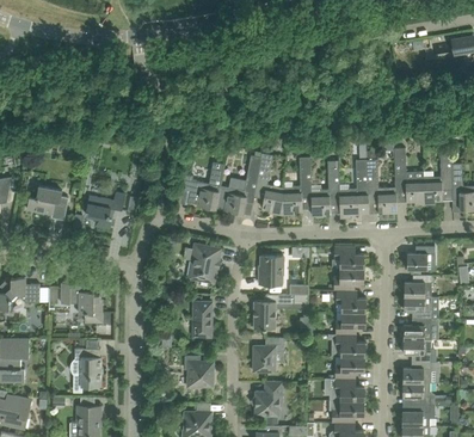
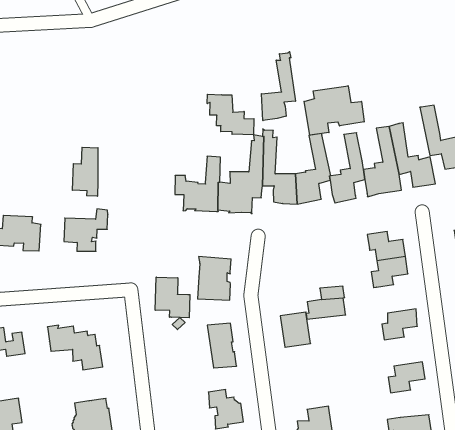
building: none -> [261,52,295,121]
building: none -> [207,94,254,135]
building: none -> [304,86,364,135]
building: none -> [72,147,98,196]
building: none -> [155,277,190,318]
building: [258,257,283,284] -> none
building: [336,290,365,313] -> none
building: [328,334,364,357] -> none
building: [252,338,284,373] -> none
building: [328,378,364,401] -> none

